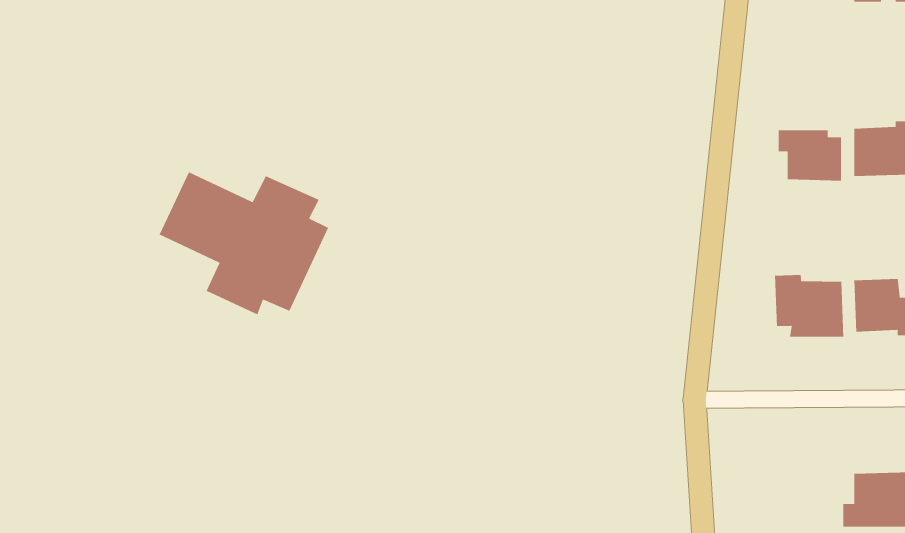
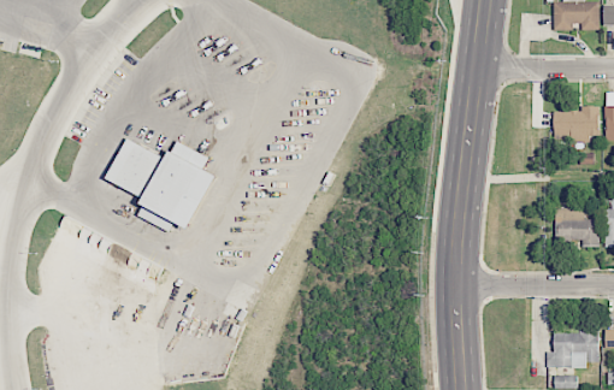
building: [778,130,842,182] -> none
building: [774,274,844,337] -> none

